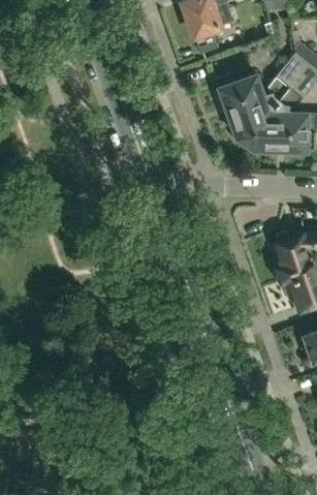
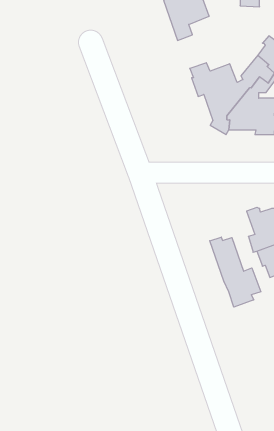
building: none -> [210,237,261,307]

